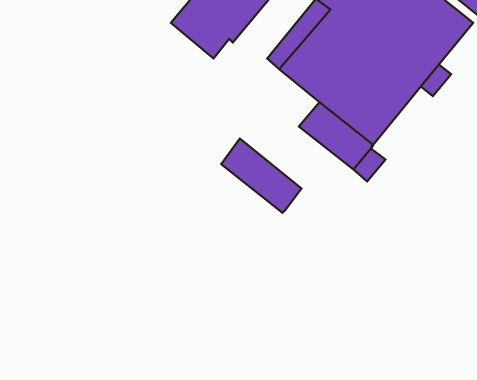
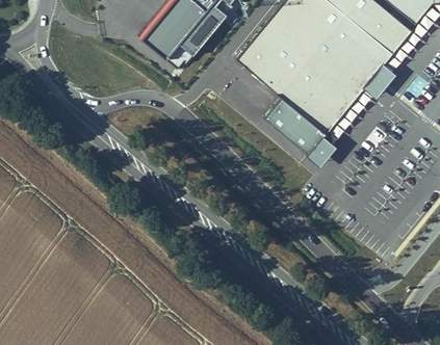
building: [221,139,302,213] -> none

